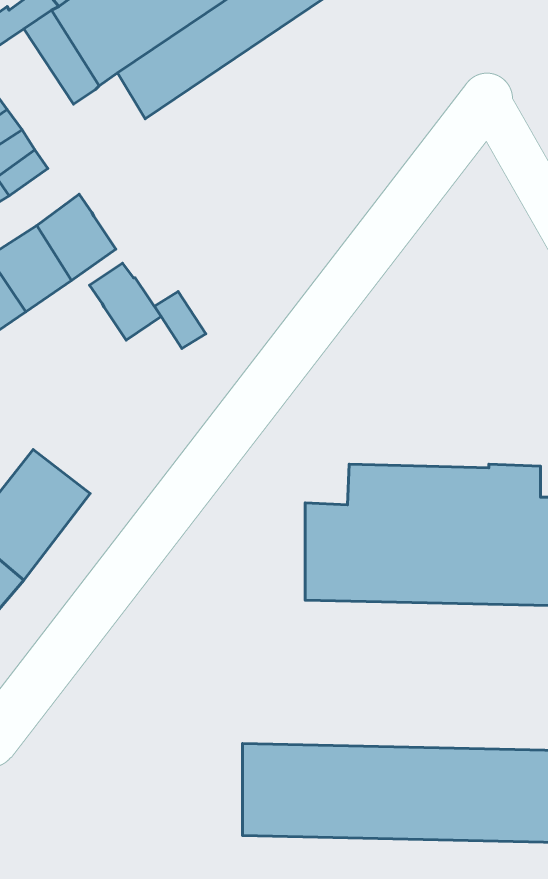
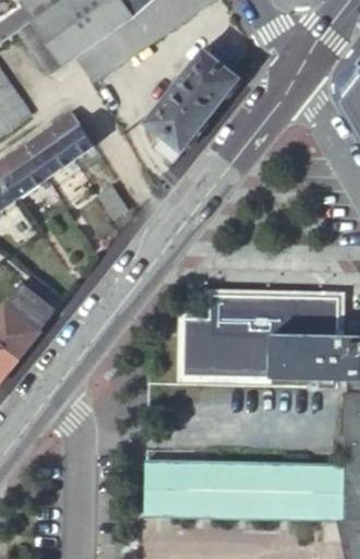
building: none -> [144,51,238,164]
building: [89,263,161,340] -> [50,117,93,163]

